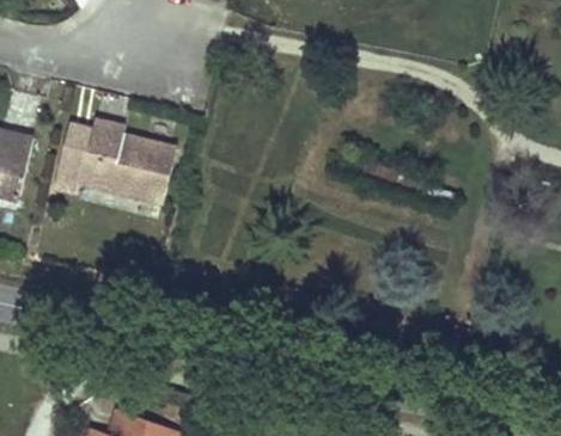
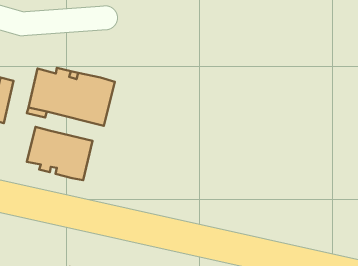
building: none -> [27,127,93,180]

